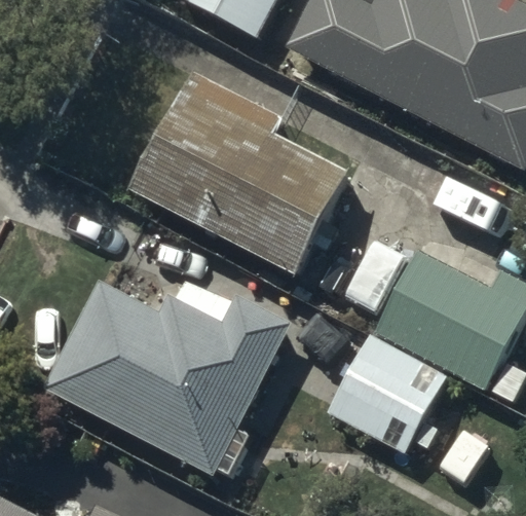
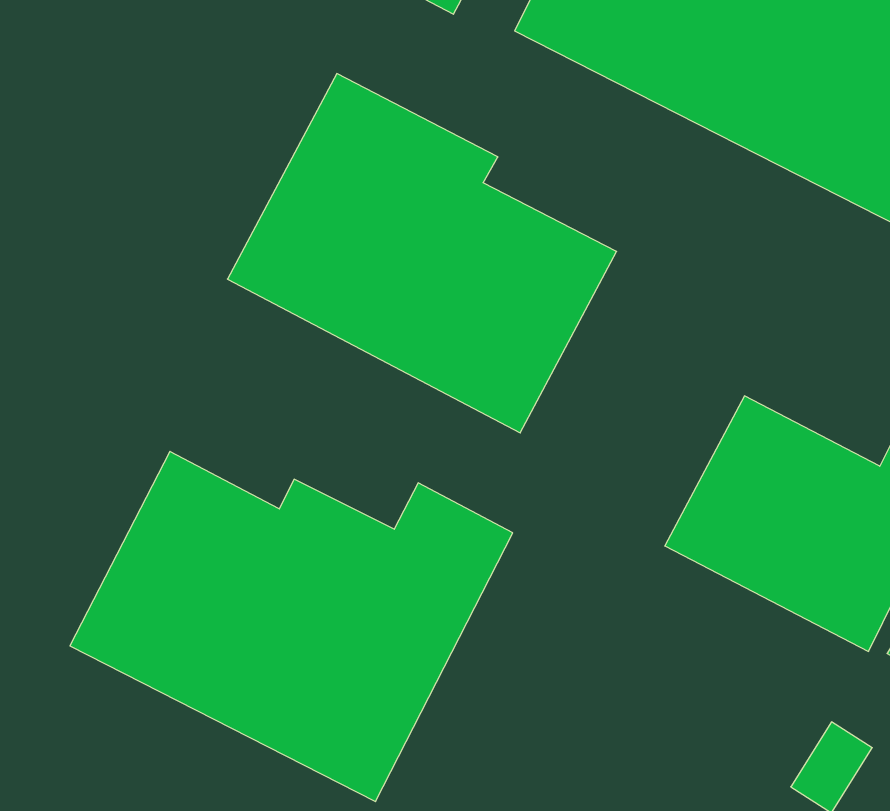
building: [327,336,443,452] -> none

